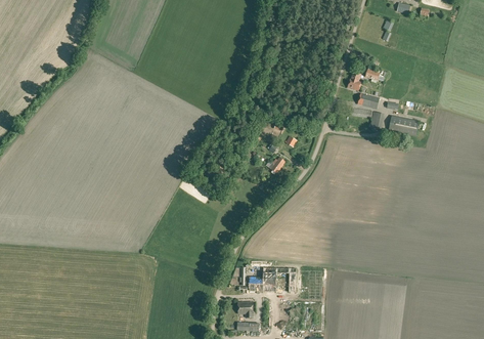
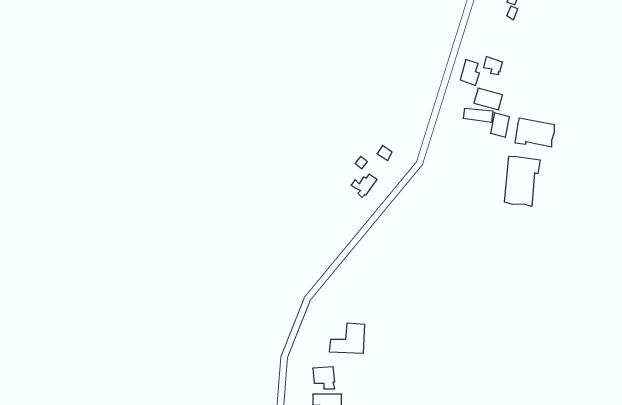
building: none -> [505,156,540,206]

